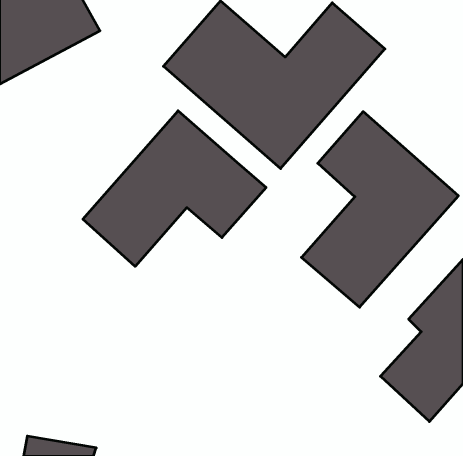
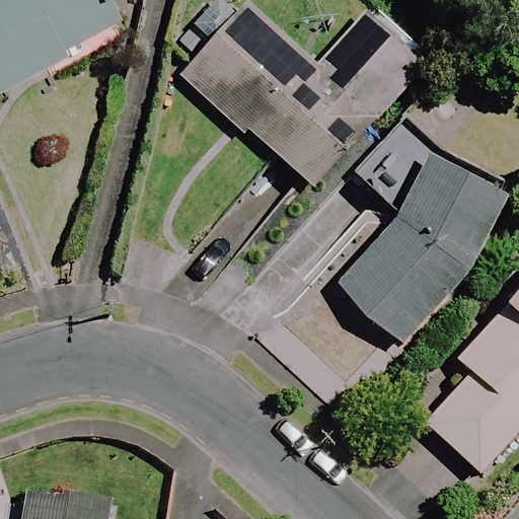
building: [83,111,266,266] -> none

